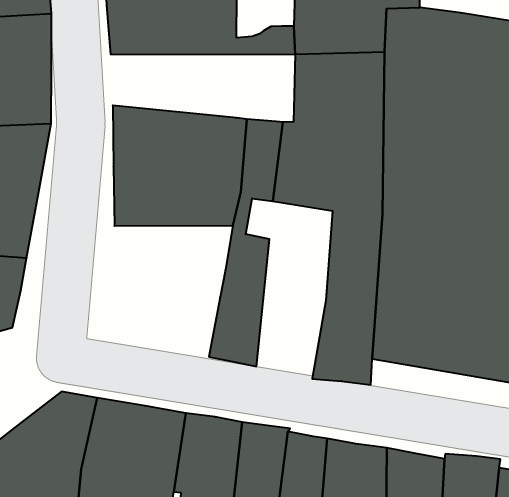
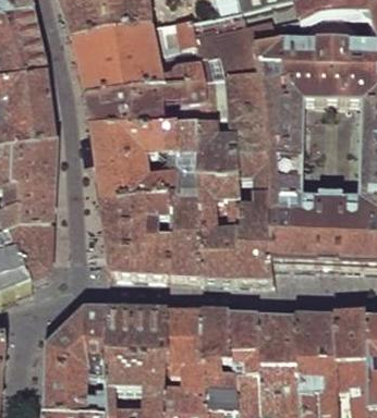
building: none -> [87,76,207,123]
building: none -> [200,170,242,278]
building: none -> [104,188,178,272]

